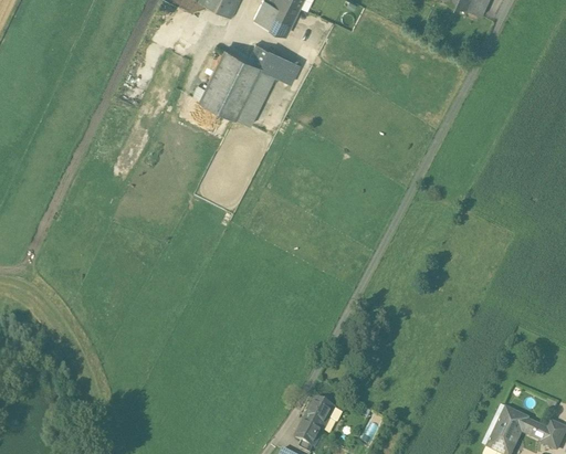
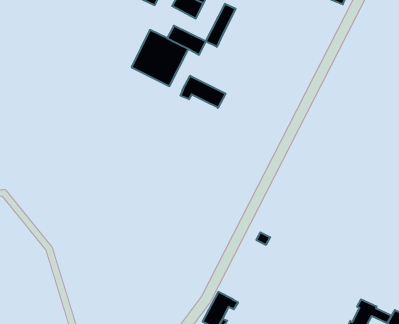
building: none -> [206,4,236,47]
building: none -> [181,76,225,108]

